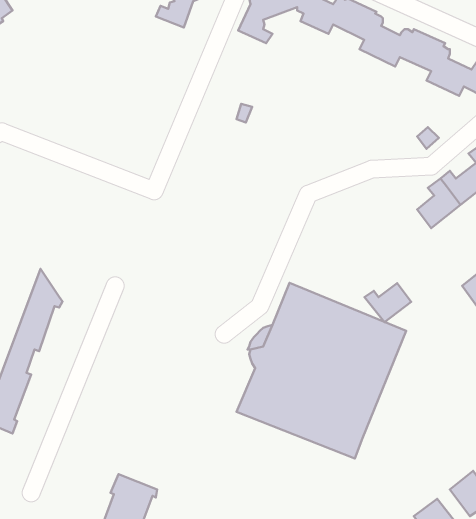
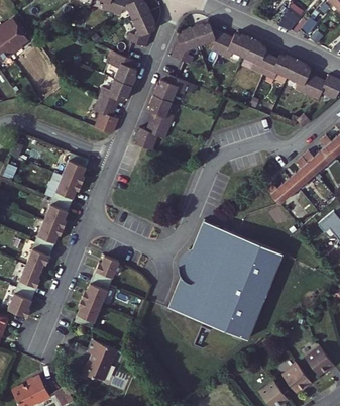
building: none -> [85,59,129,136]
building: none -> [133,79,187,151]
building: none -> [43,156,81,233]
building: [364,283,411,322] -> [266,174,297,199]
building: none -> [75,260,121,334]

